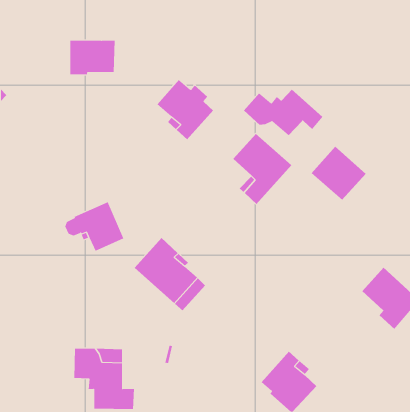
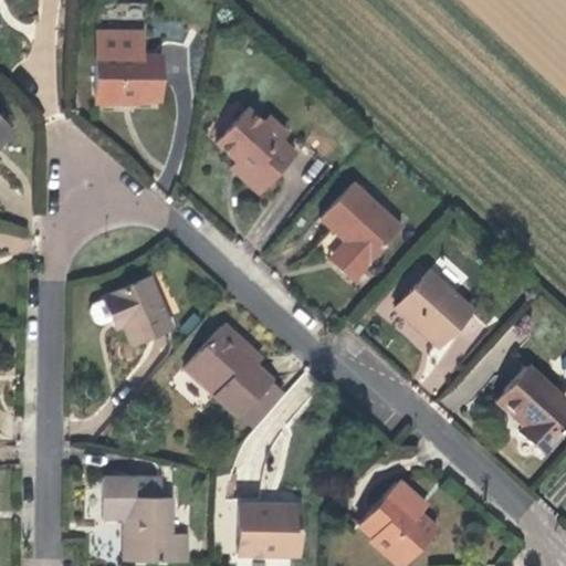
building: none -> [98,29,144,55]
building: [243,89,323,136] -> none
building: [311,146,367,201] -> [397,271,473,346]
building: none -> [239,499,302,555]

